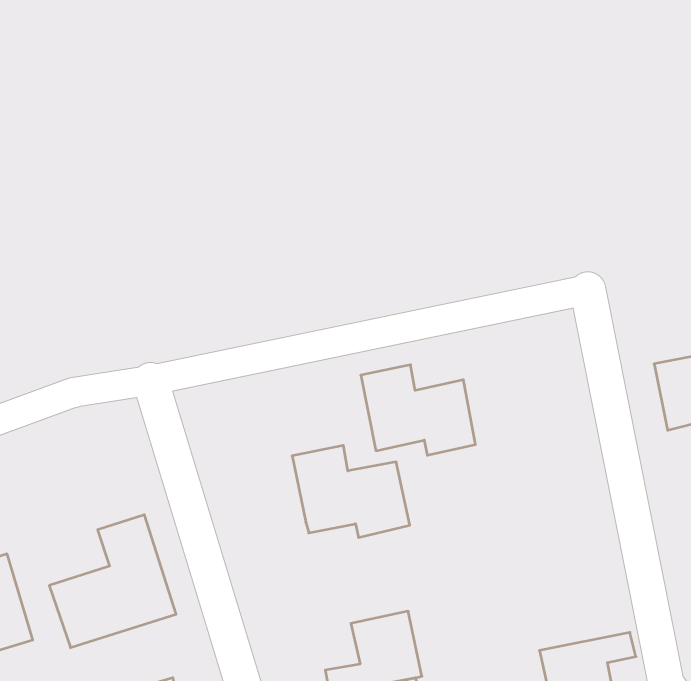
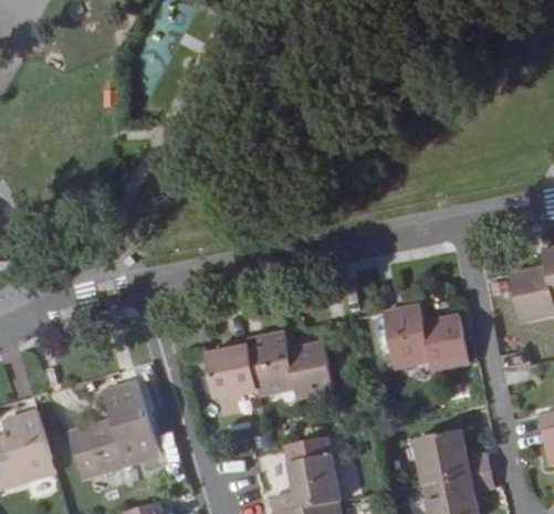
building: [361,365,475,455] -> [386,303,470,369]
building: none -> [202,339,254,397]
building: none -> [417,429,492,482]

